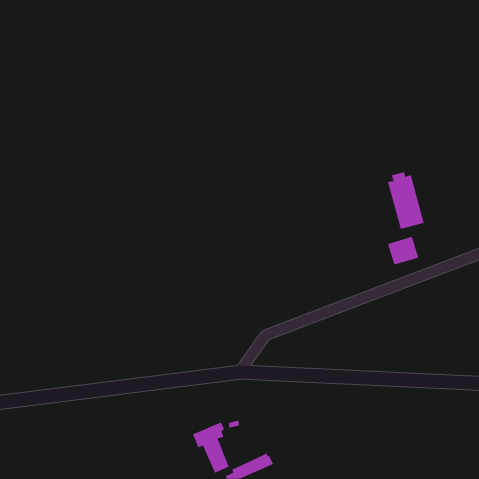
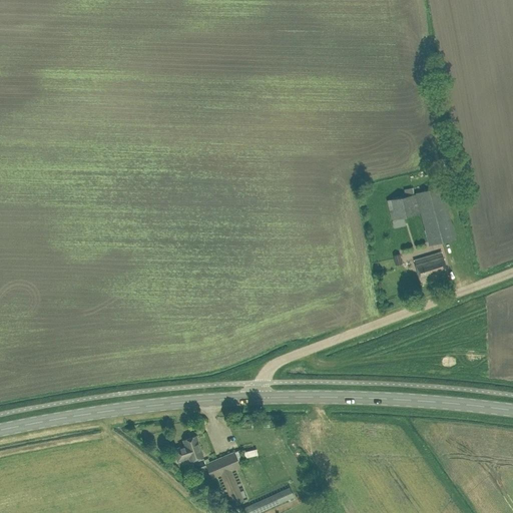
building: none -> [387,188,419,220]
building: none -> [173,436,203,462]

